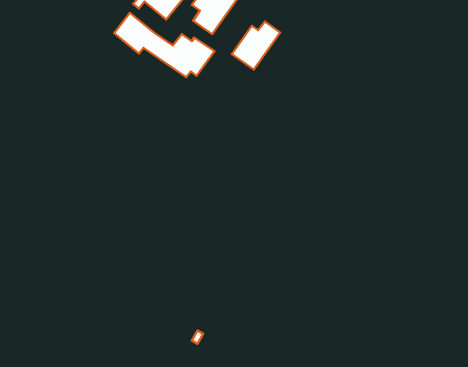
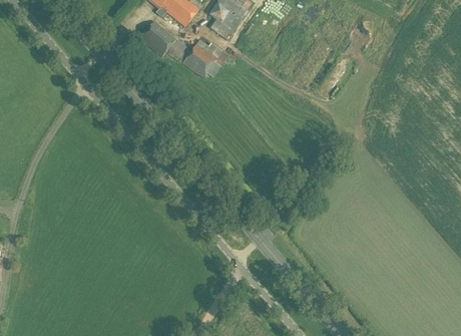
building: [232,21,280,70] -> none

